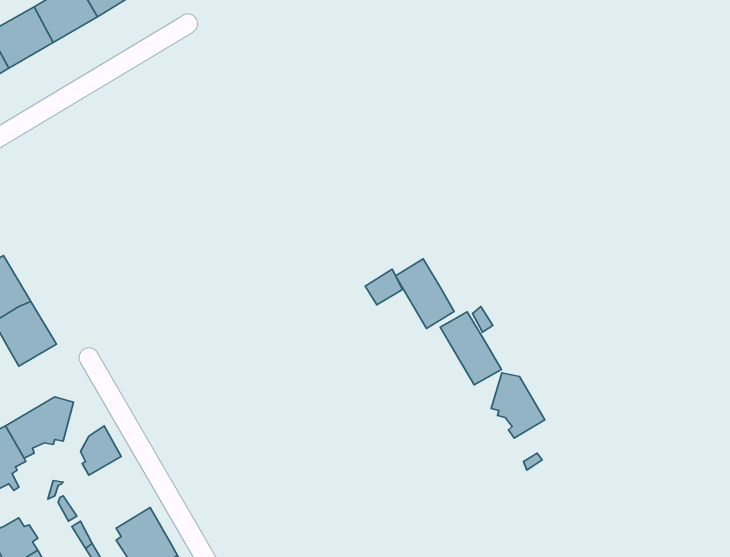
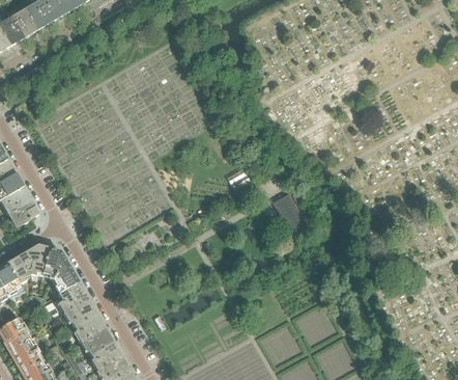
building: [396,259,454,328] -> none
building: [491,373,545,438] -> none
building: none -> [44,248,68,278]
building: none -> [57,281,96,325]

